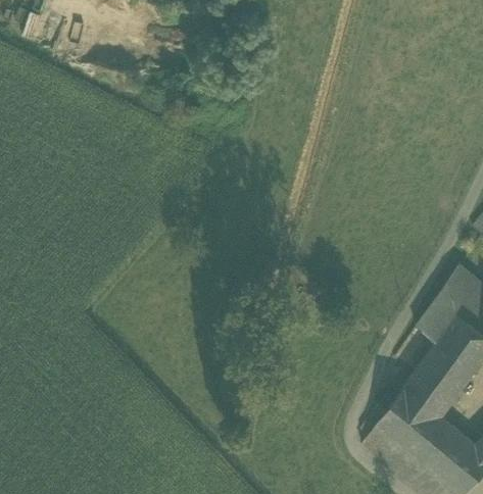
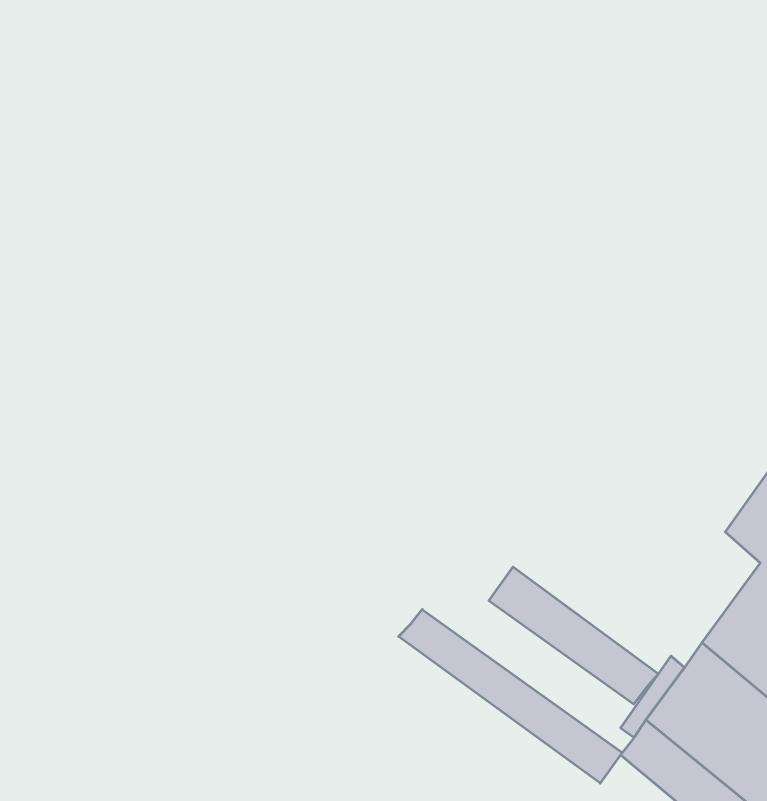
building: none -> [489,567,658,704]
building: none -> [399,609,622,783]

